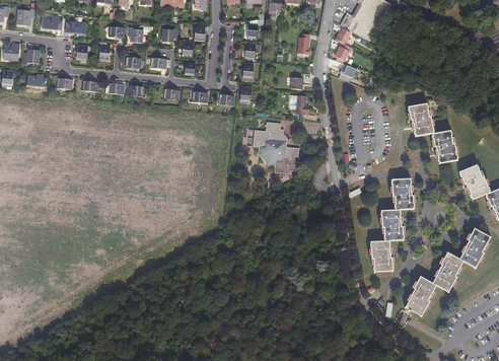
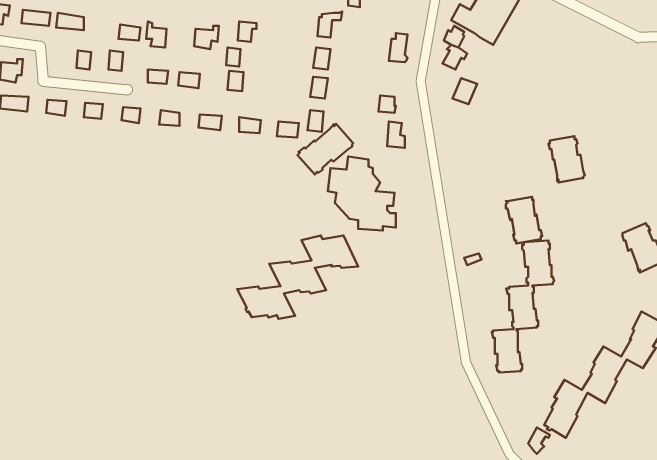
building: none -> [298,124,353,175]
building: [432,131,457,163] -> [506,197,542,243]
building: none -> [237,235,358,319]

